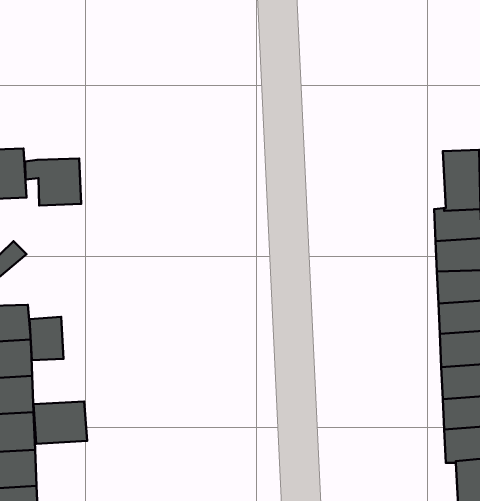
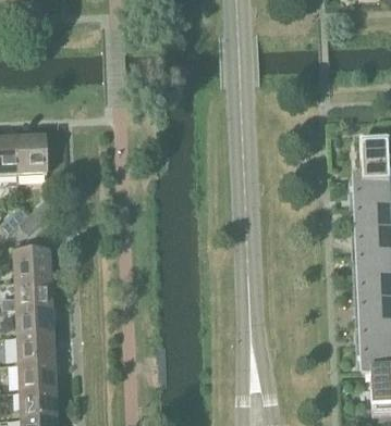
building: [25,158,81,205] -> none
building: [30,317,64,360] -> none
building: [33,401,87,444] -> none

